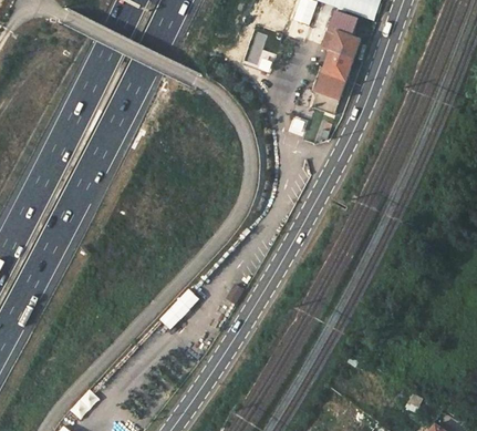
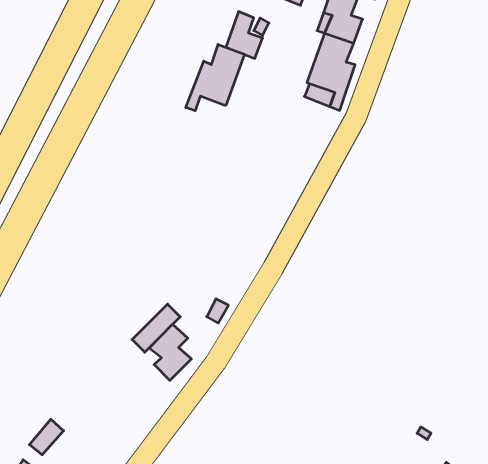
building: none -> [186,44,244,111]
building: none -> [149,324,191,380]

